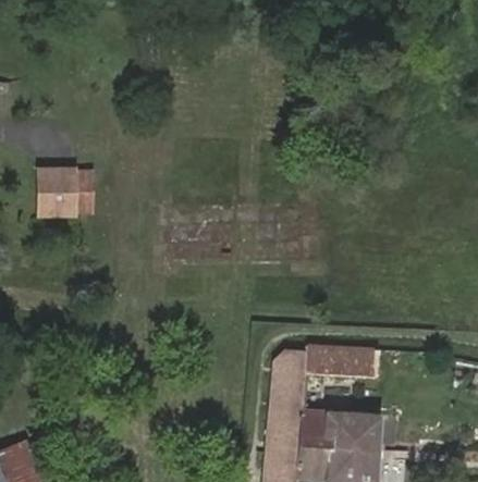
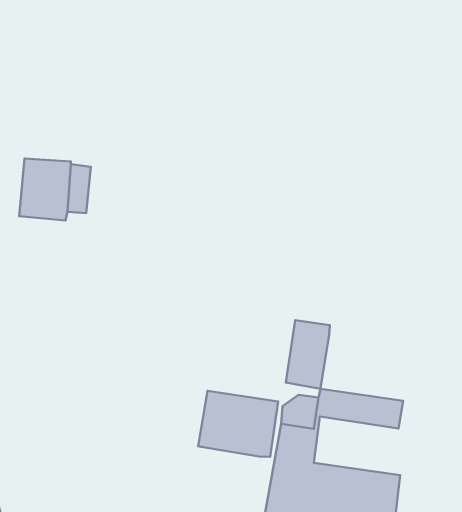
building: none -> [286,320,330,389]
building: none -> [198,391,278,457]

